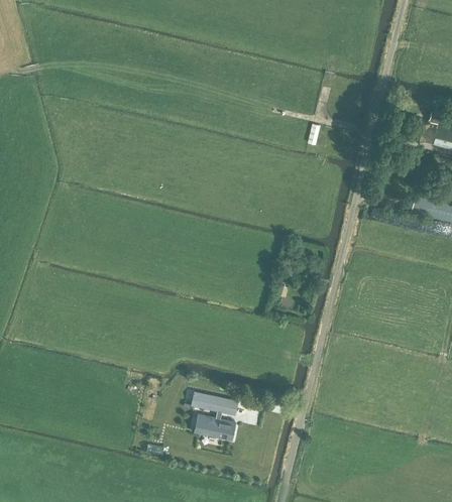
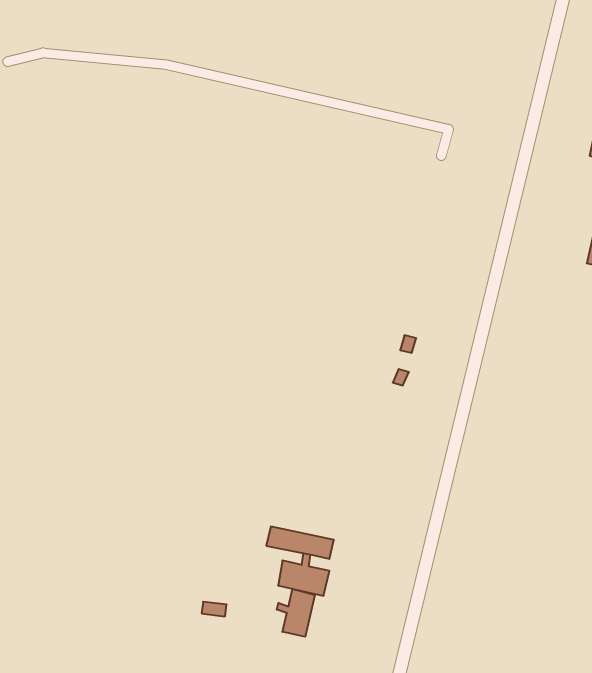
building: none -> [277,589,315,637]

